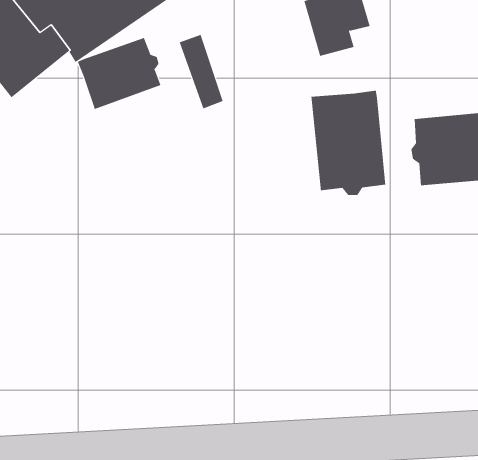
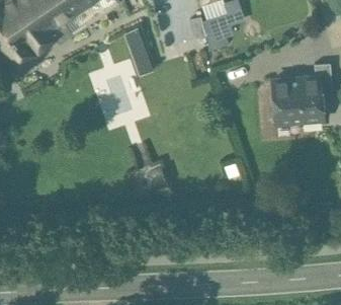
building: [77,37,161,110] -> none
building: [311,90,386,196] -> none

